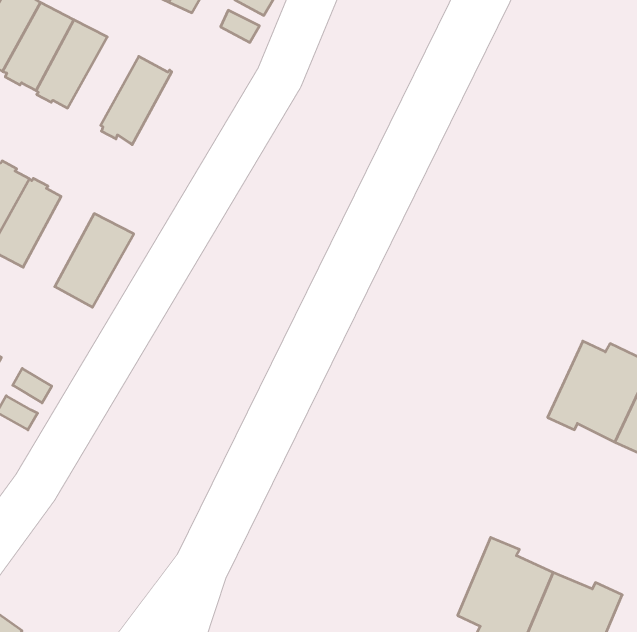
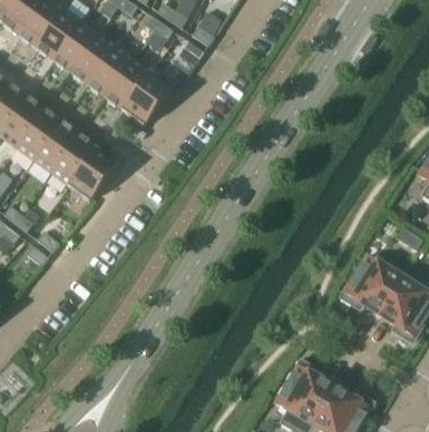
building: none -> [88,47,133,97]
building: none -> [123,71,170,125]
building: none -> [51,135,96,186]

